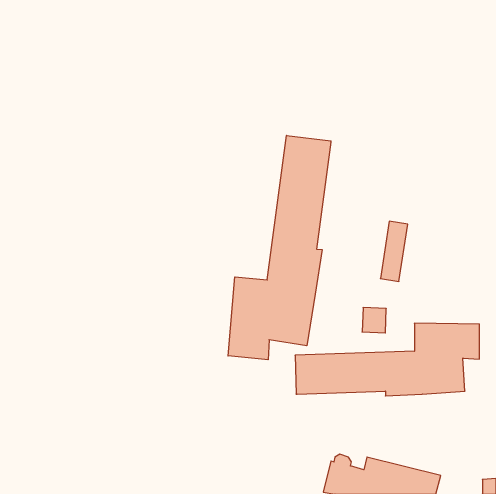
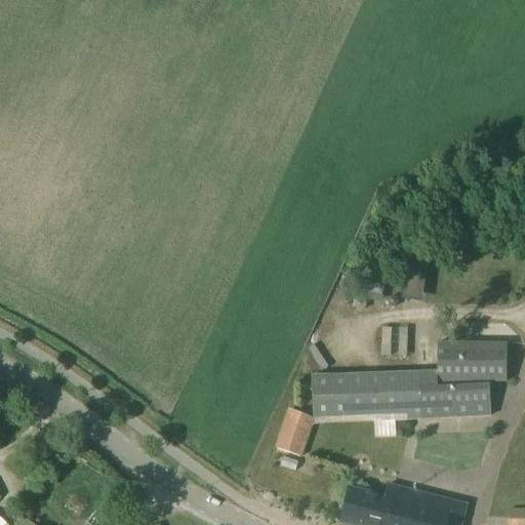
building: [228,135,331,360] -> none
building: none -> [277,408,314,455]

